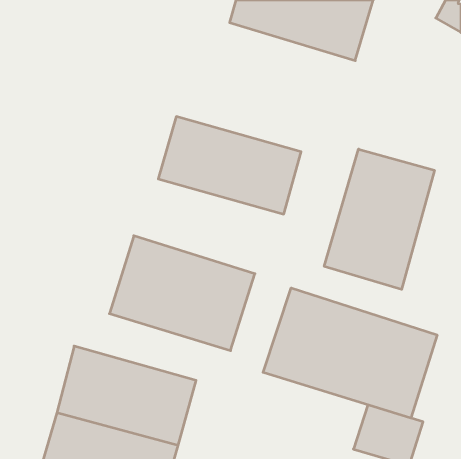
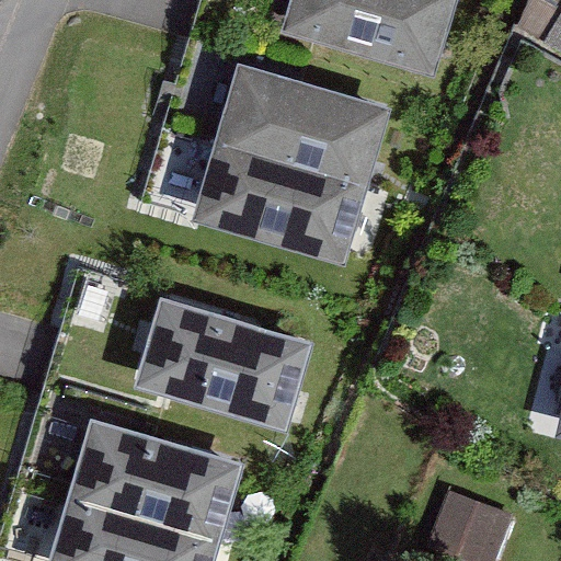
building: none -> [214,56,390,187]
building: [324,149,434,289] -> none
building: [263,288,437,418] -> none

